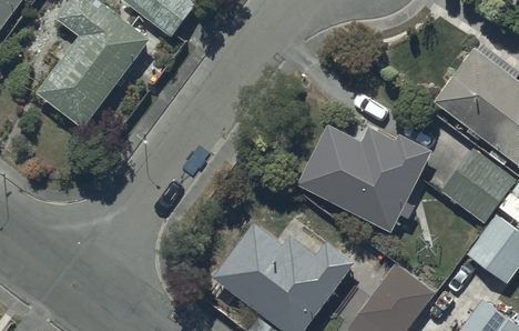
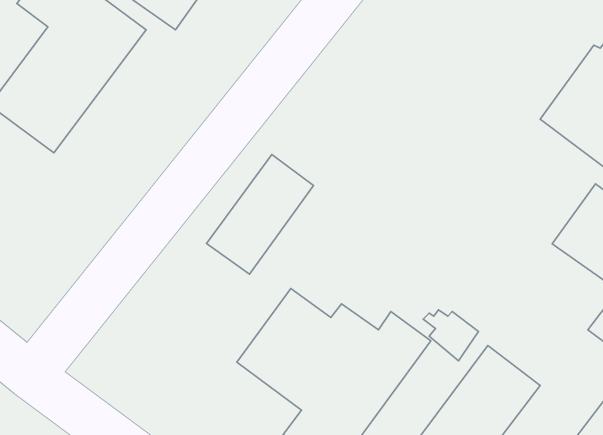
building: [297,123,432,234] -> none
building: none -> [207,154,314,274]

